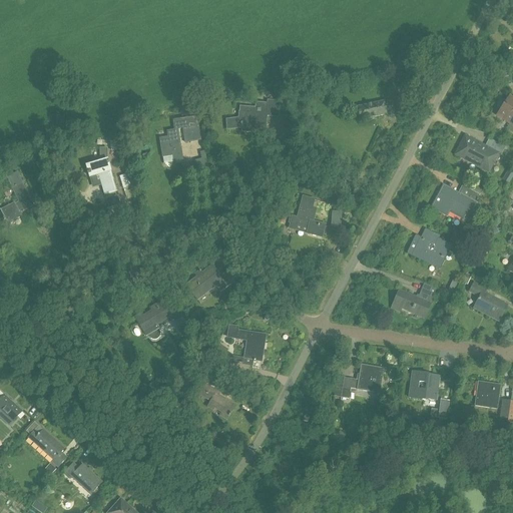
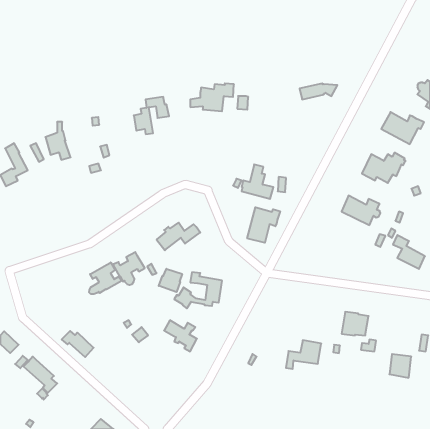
building: [86,147,116,192] -> [45,122,71,160]
building: none -> [247,207,280,243]
building: [391,282,435,317] -> none
building: none -> [89,262,122,294]
building: none -> [159,269,182,292]
building: [341,363,383,397] -> [286,340,321,369]
building: [474,380,500,408] -> [389,354,411,378]
building: [63,461,101,492] -> [62,331,94,357]

